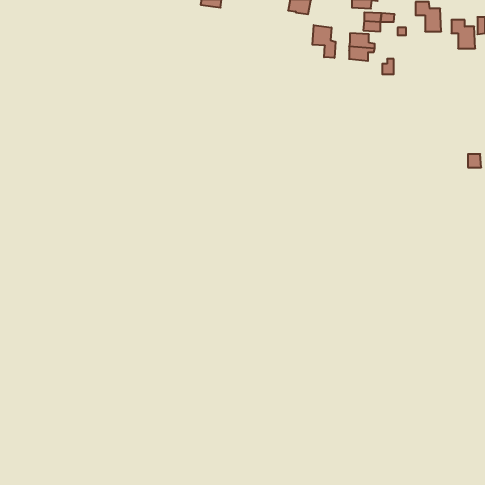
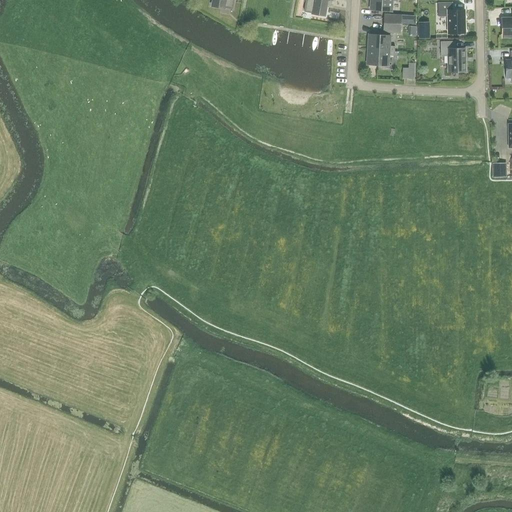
building: [451,20,475,48] -> [440,41,465,71]
building: [312,25,336,58] -> none

